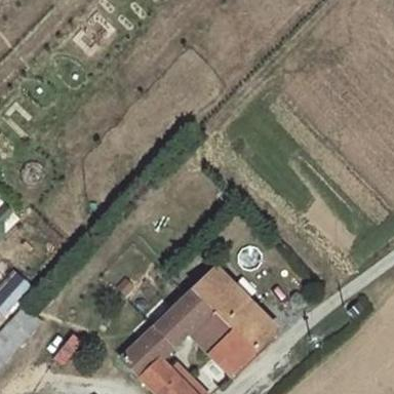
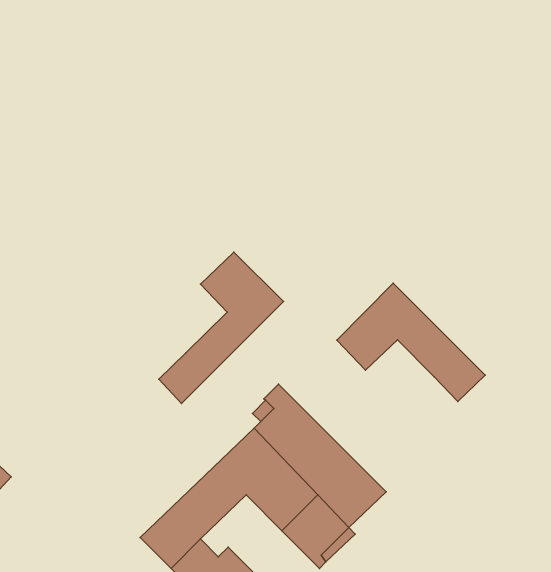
building: none -> [159,252,284,403]
building: none -> [337,283,485,401]

